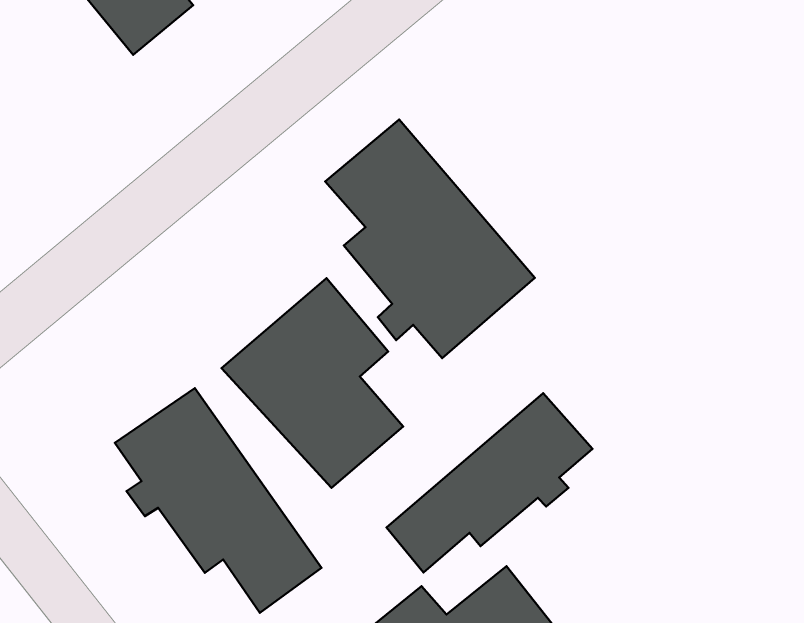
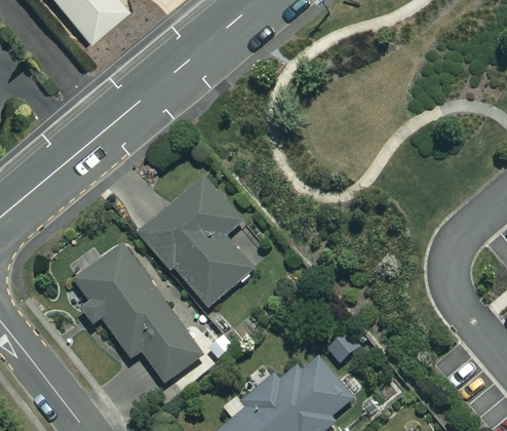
building: [325,120,535,358] -> none
building: [386,393,592,573] -> none

